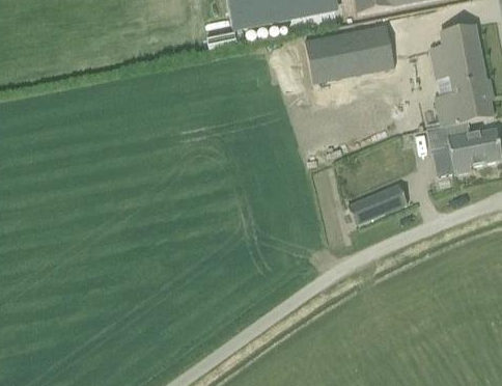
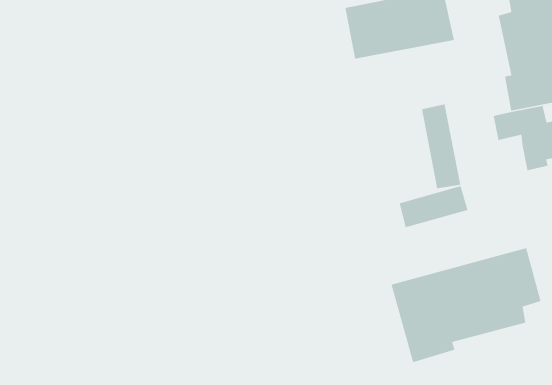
building: none -> [421,103,461,189]
building: none -> [390,247,542,363]

